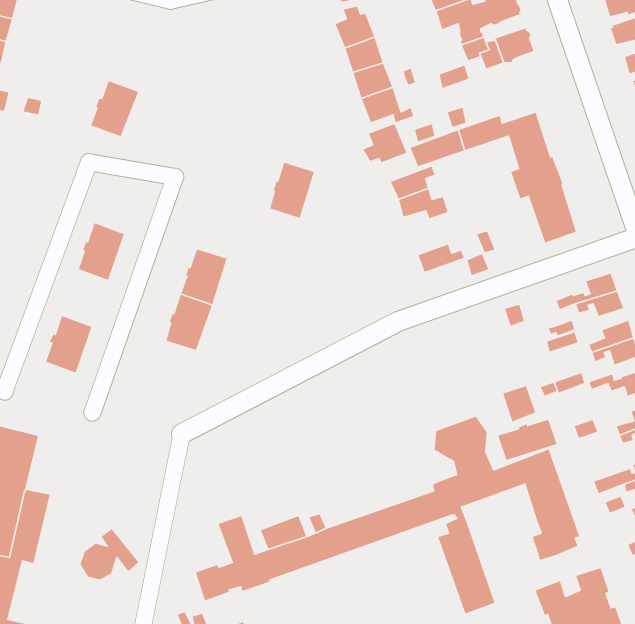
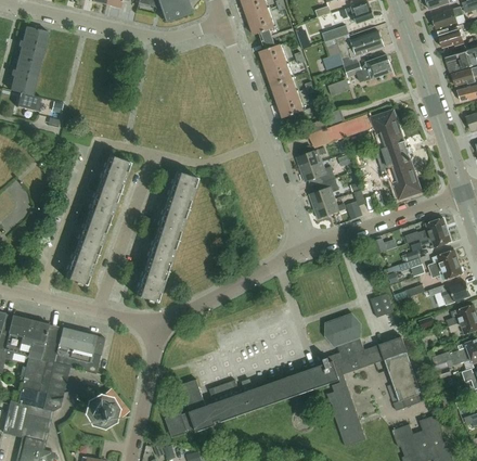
building: [90,80,139,137] -> [99,154,131,192]
building: [362,123,407,163] -> none
building: [269,162,315,219] -> [167,170,197,208]
building: none -> [310,178,339,206]
building: none -> [77,216,108,254]
building: none -> [136,264,167,302]
building: [497,419,557,461] -> none
building: none -> [53,326,105,373]

